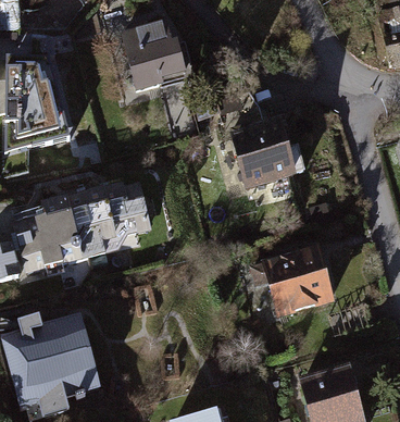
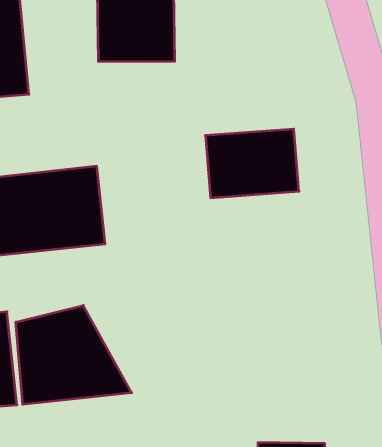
building: [257,251,323,320] -> none
building: none -> [16,305,132,404]

